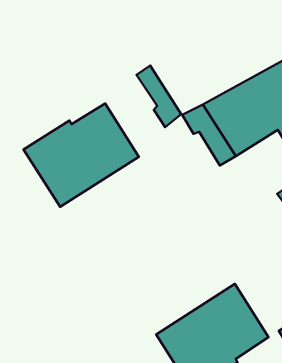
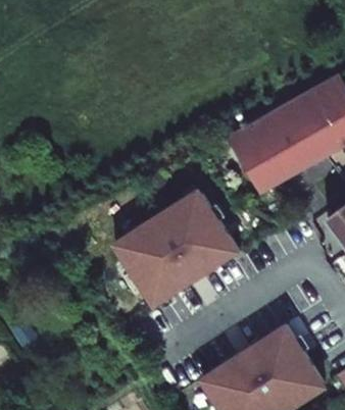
building: [137,65,181,127] -> none
building: [24,103,139,207] -> [110,193,236,305]

